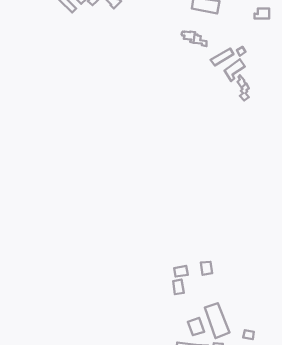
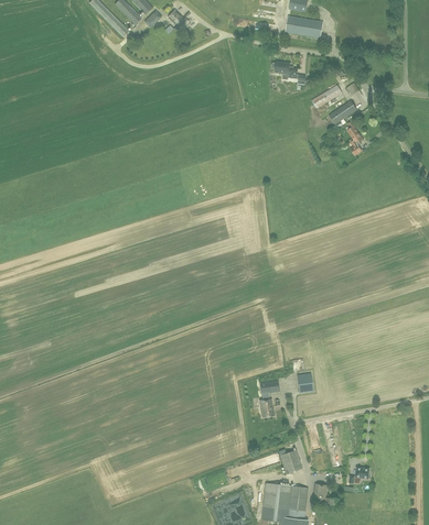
building: [205,303,229,338] -> none

